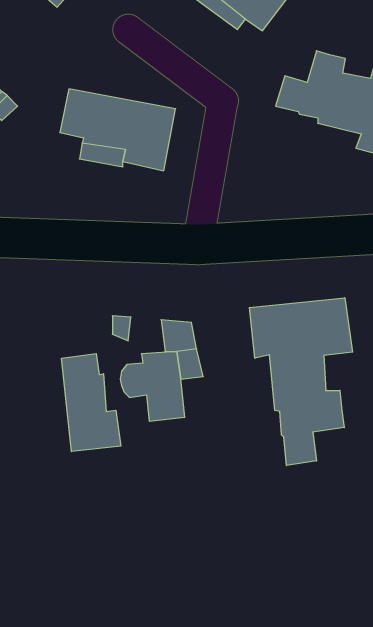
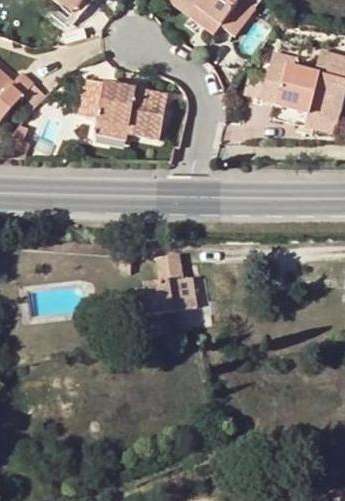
building: [249,298,353,466] -> none
building: [62,354,121,452] -> none

